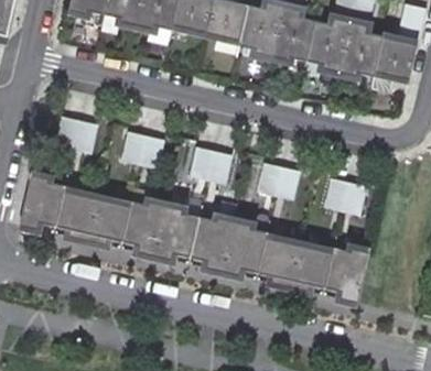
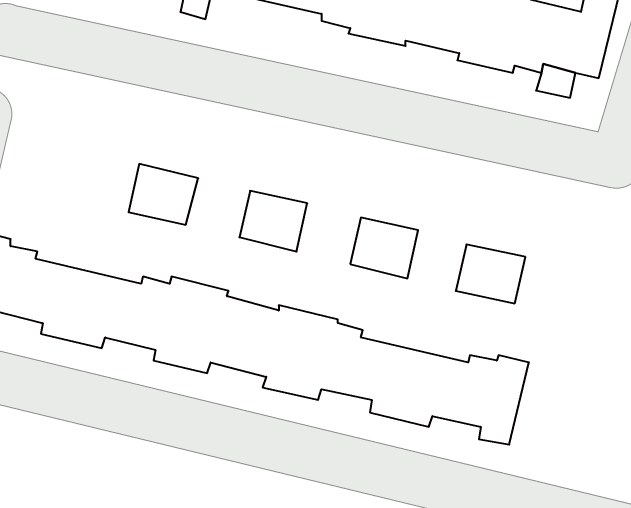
building: [54,117,97,154] -> none

